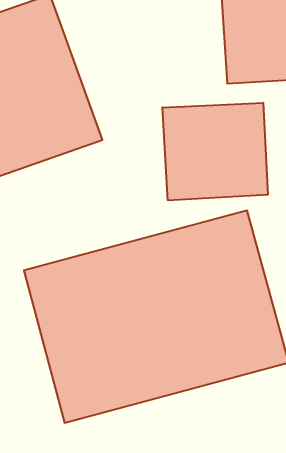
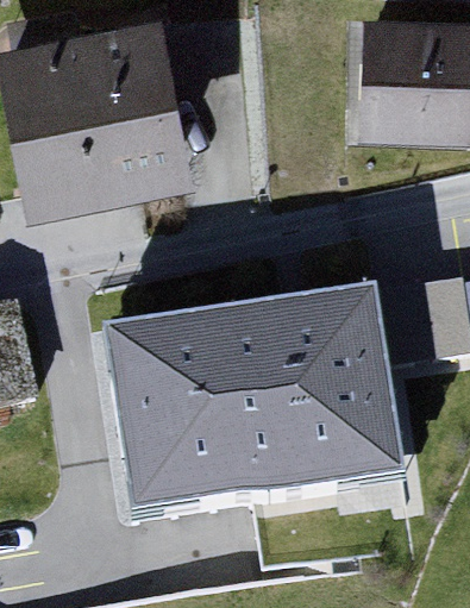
building: [162,103,268,200] -> none

